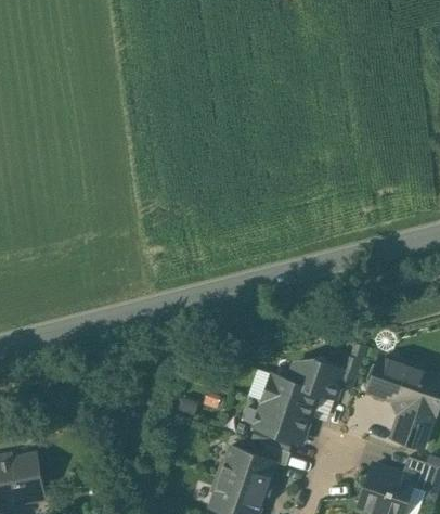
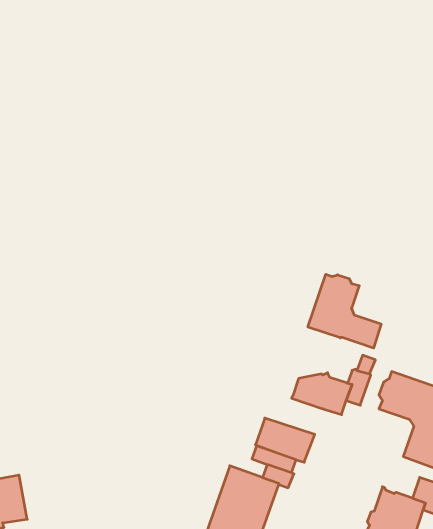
building: none -> [308,274,381,348]
building: [263,375,318,416] -> none

